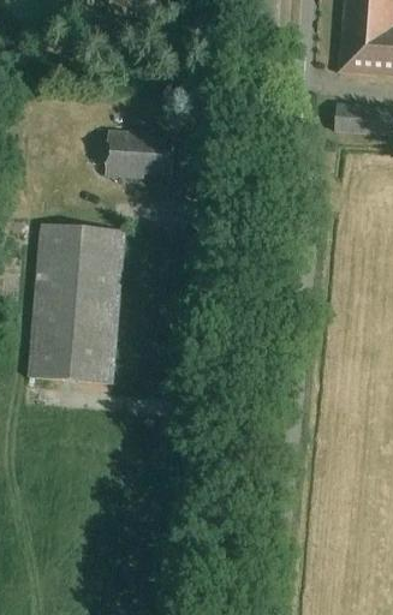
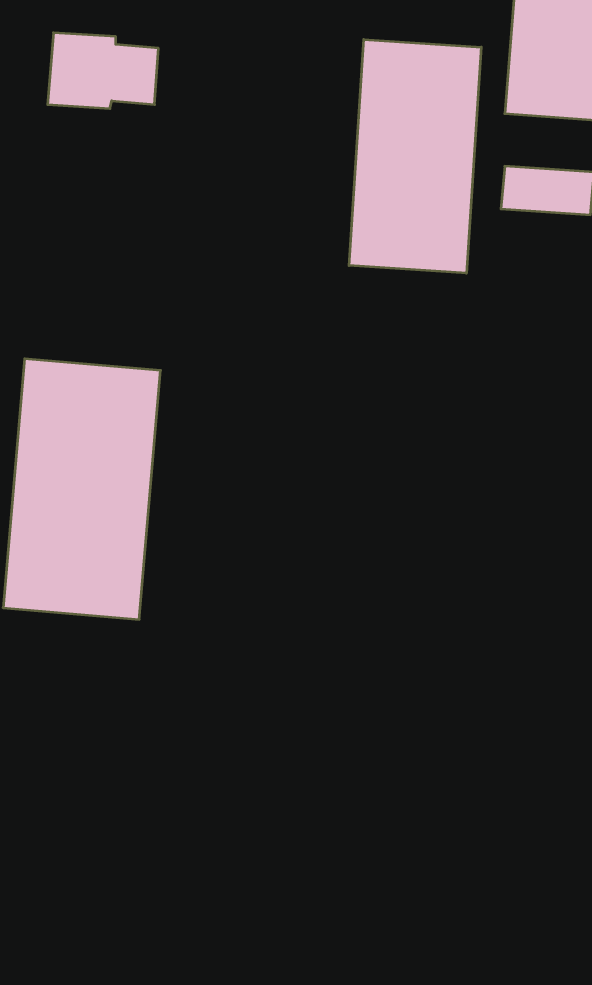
building: none -> [349,39,481,273]
building: [105,130,173,177] -> [48,33,158,109]

